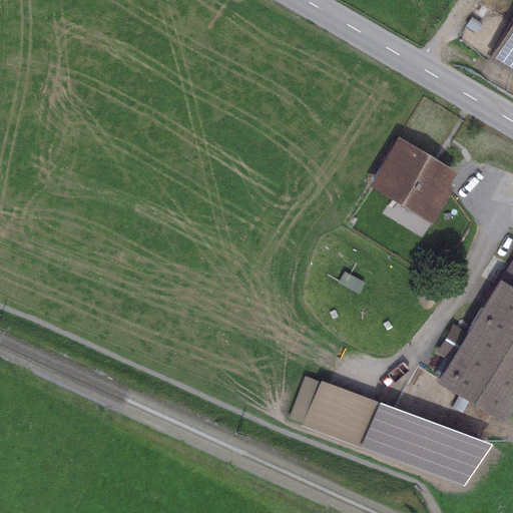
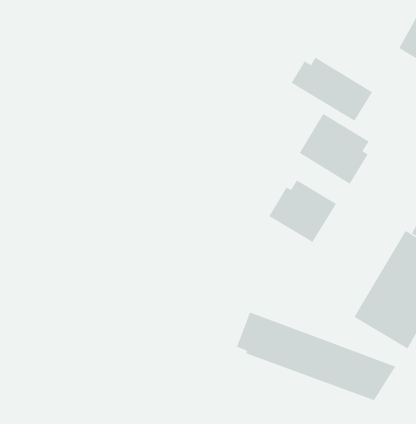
building: none -> [291,57,373,122]
building: none -> [268,179,337,243]

